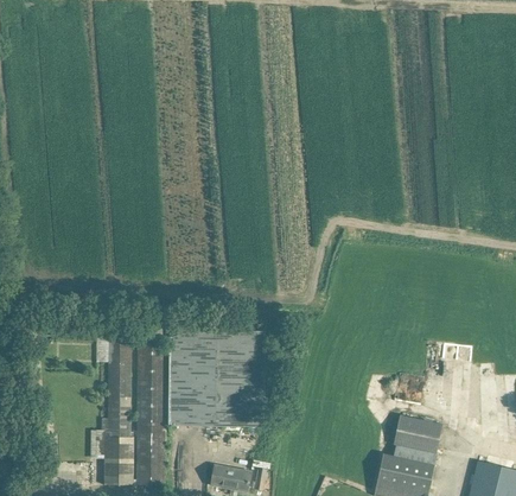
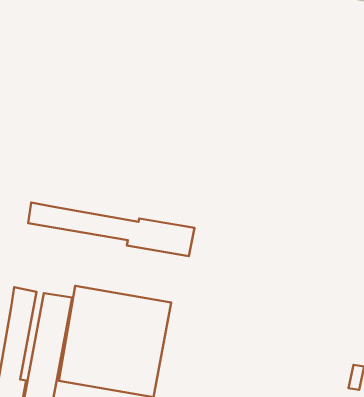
building: none -> [28,202,194,256]

